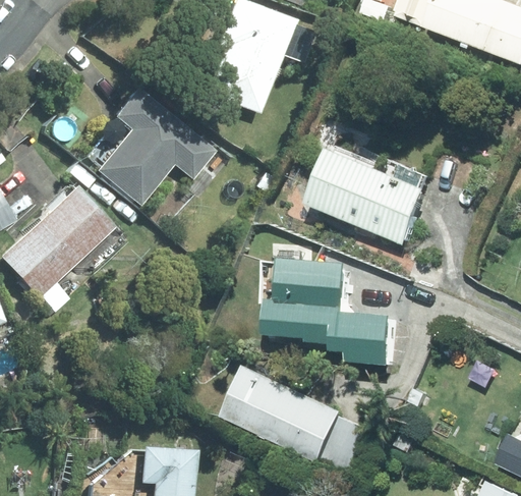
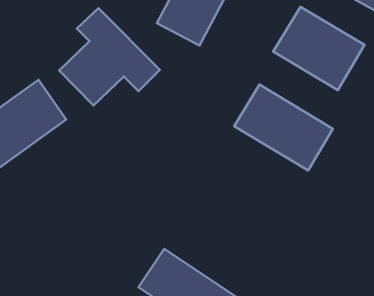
building: none -> [273,7,365,90]
building: [273,261,401,367] -> none

